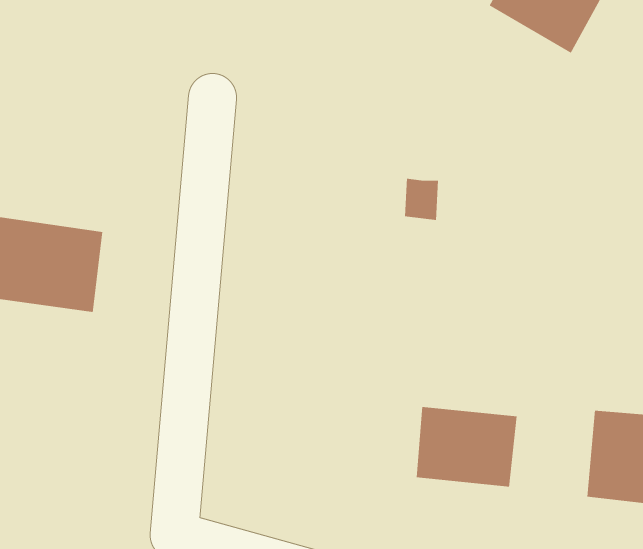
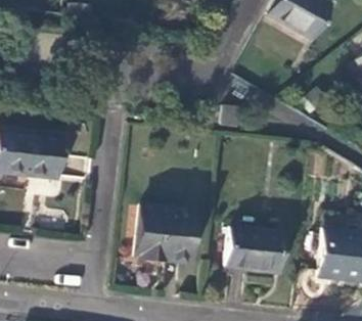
building: none -> [137,207,192,261]

